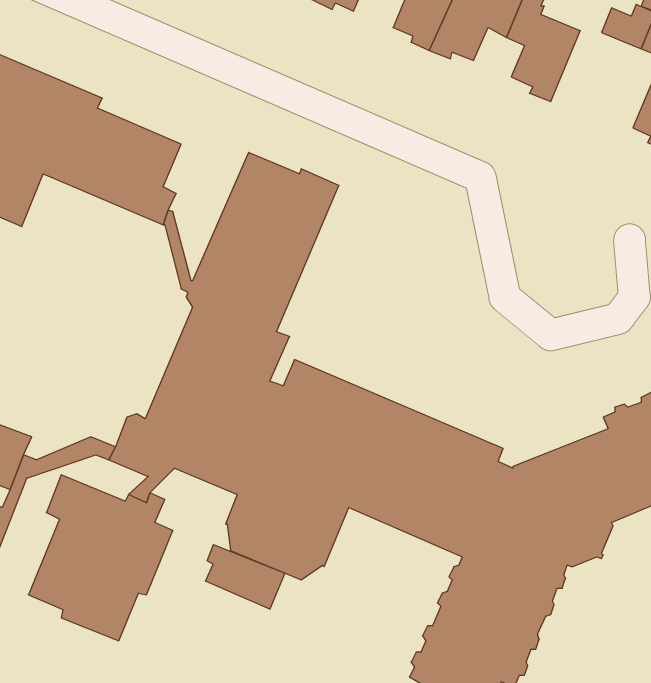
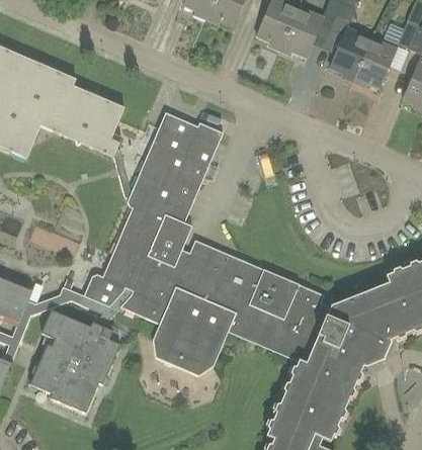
building: none -> [353,37,396,87]
building: [206,545,285,609] -> none

